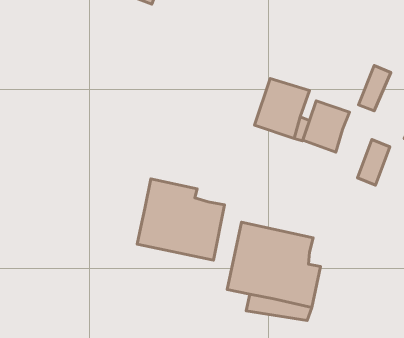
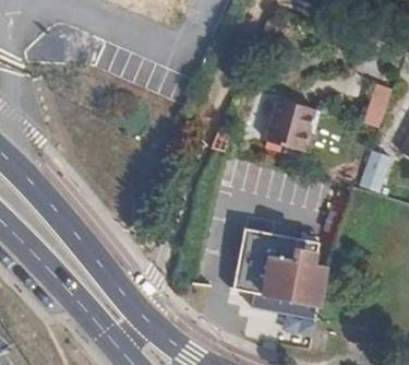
building: [303,101,350,152] -> none
building: [137,179,225,260] -> none

